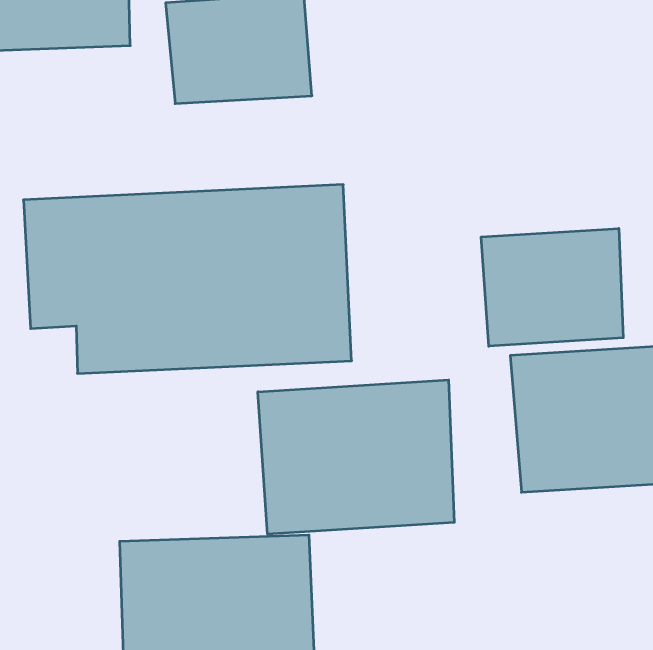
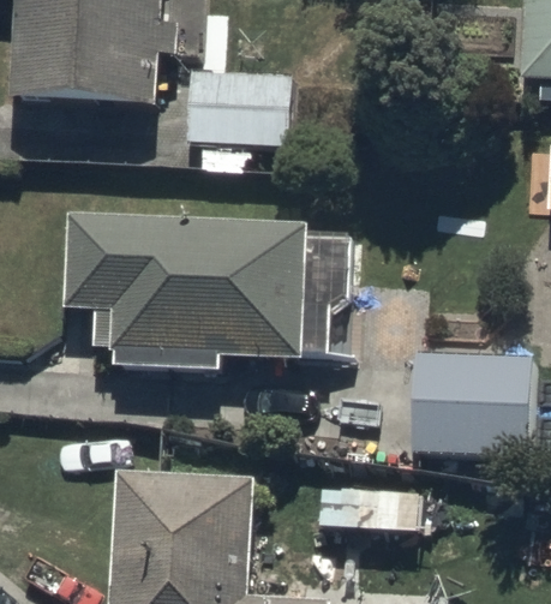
building: [481,228,623,346] -> none
building: [258,380,454,534] -> none

